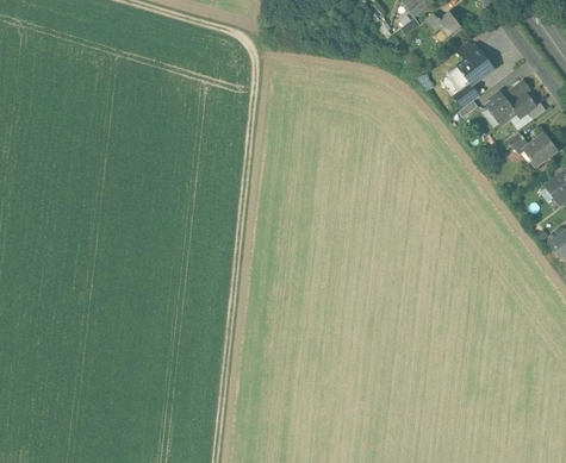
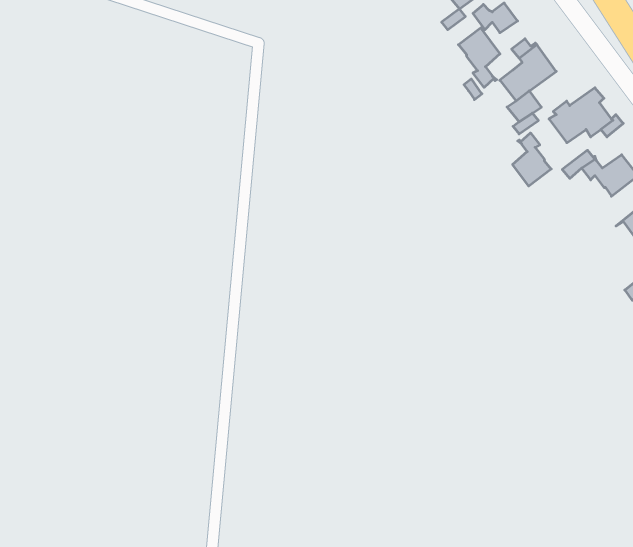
building: none -> [458,28,500,87]
building: none -> [513,133,551,186]

